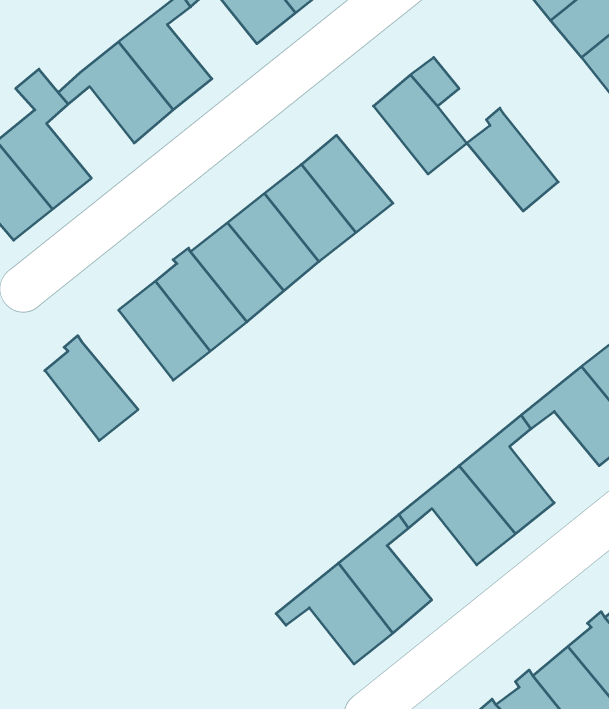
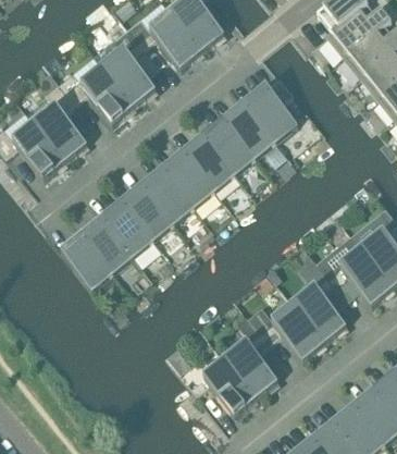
building: [467,108,558,211] -> [225,96,276,154]
building: none -> [83,213,134,269]

